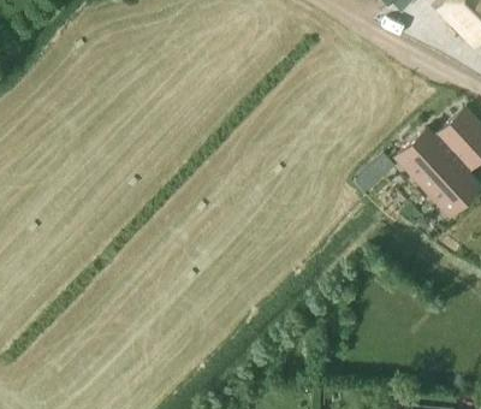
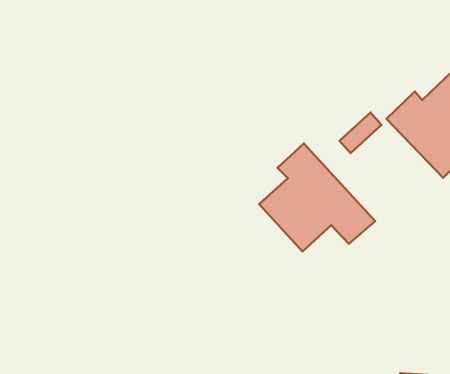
building: none -> [259,144,375,251]

